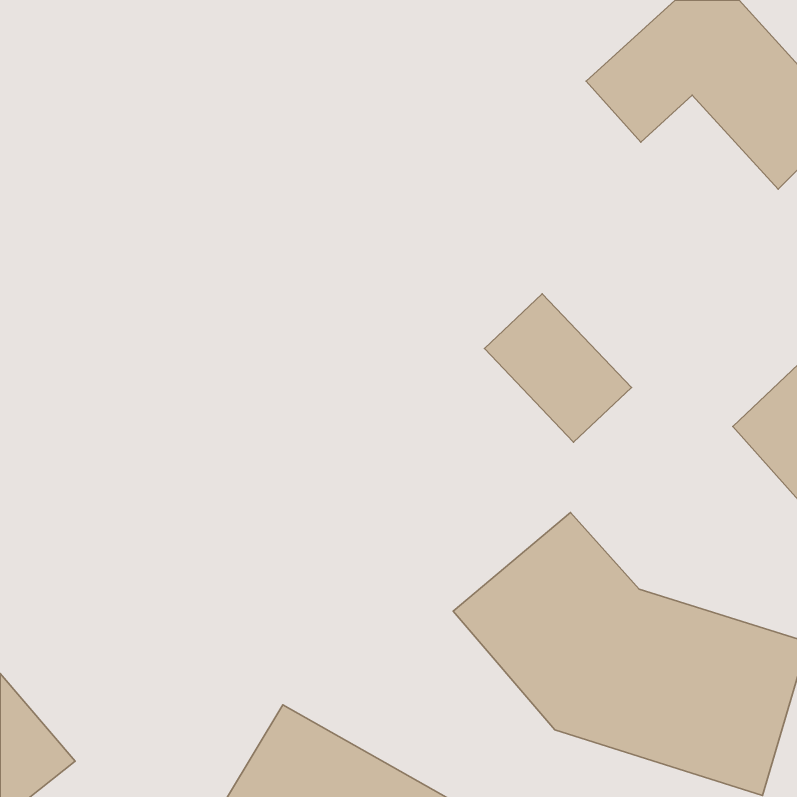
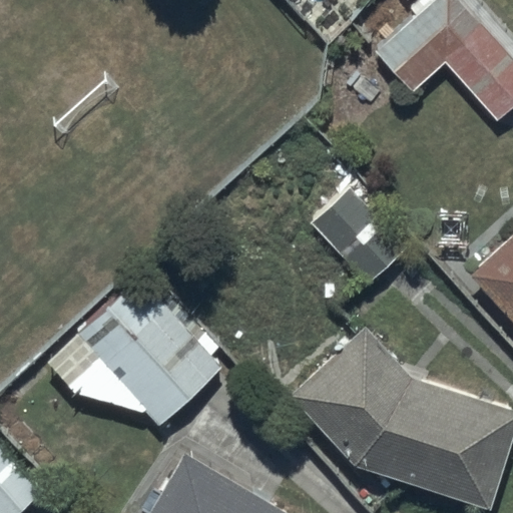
building: none -> [62,279,220,427]

